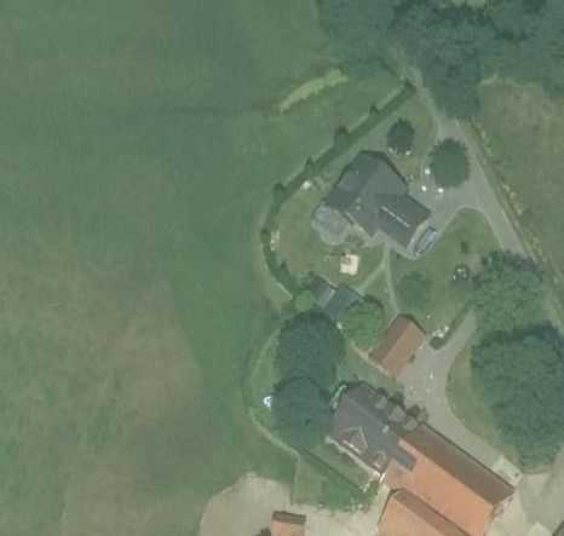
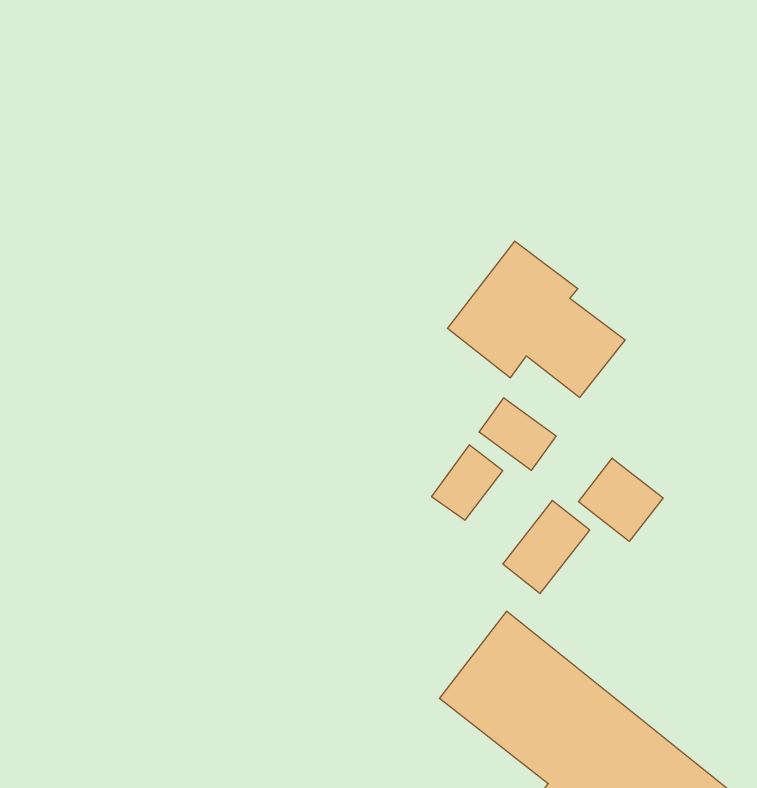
building: none -> [479,398,556,470]
building: none -> [578,458,663,541]

